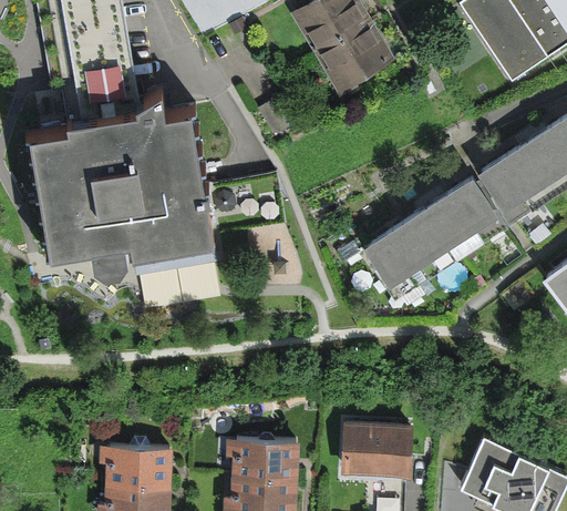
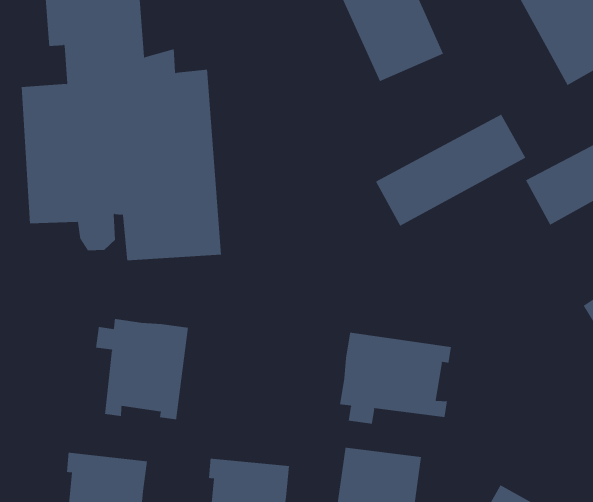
building: [365,175,496,283] -> [375,114,526,227]
building: none -> [340,332,451,424]
building: none -> [96,318,189,420]

